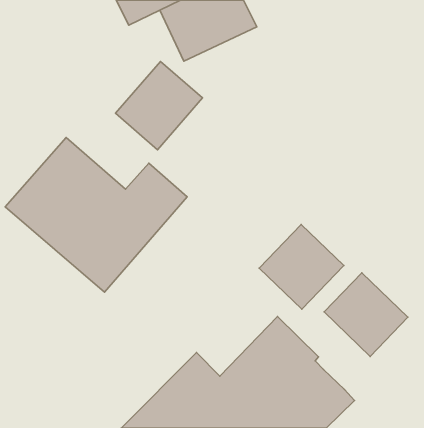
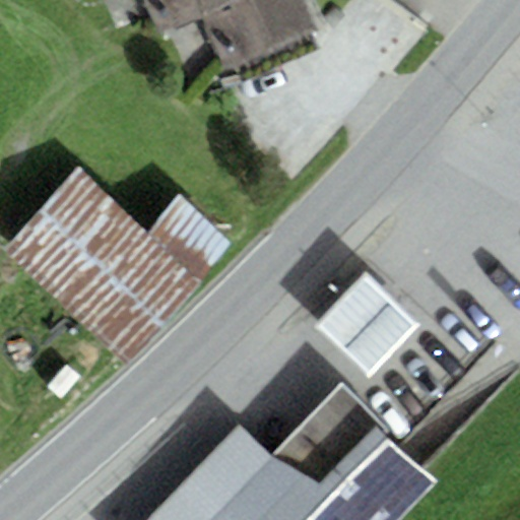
building: [116,61,202,150] -> none
building: [324,273,408,356] -> none

